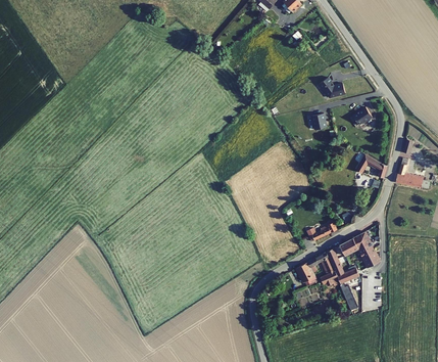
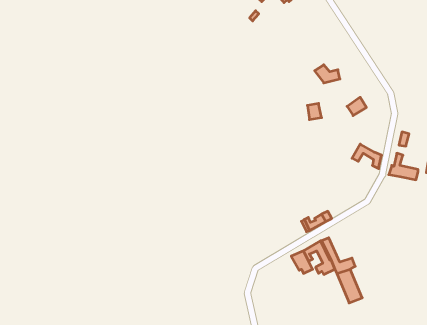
building: [340,232,381,268] -> none

